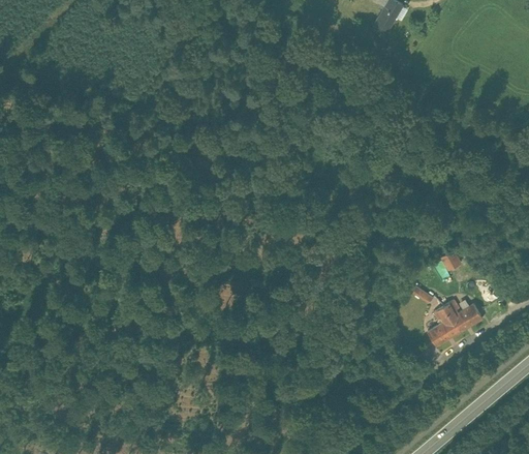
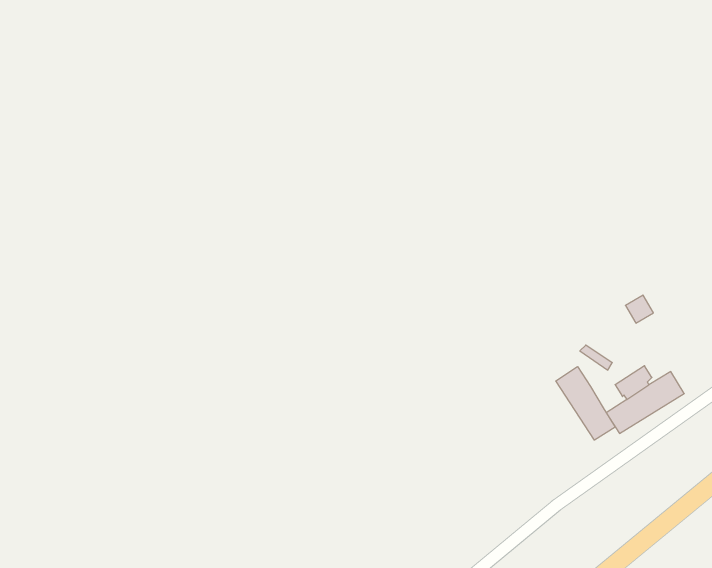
building: none -> [556,367,615,440]

